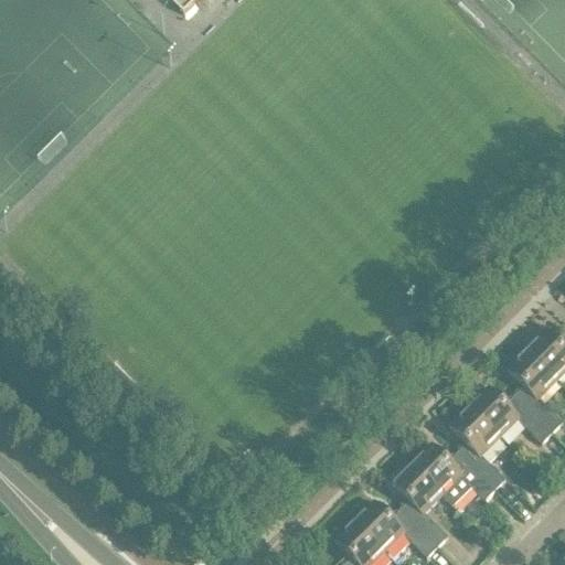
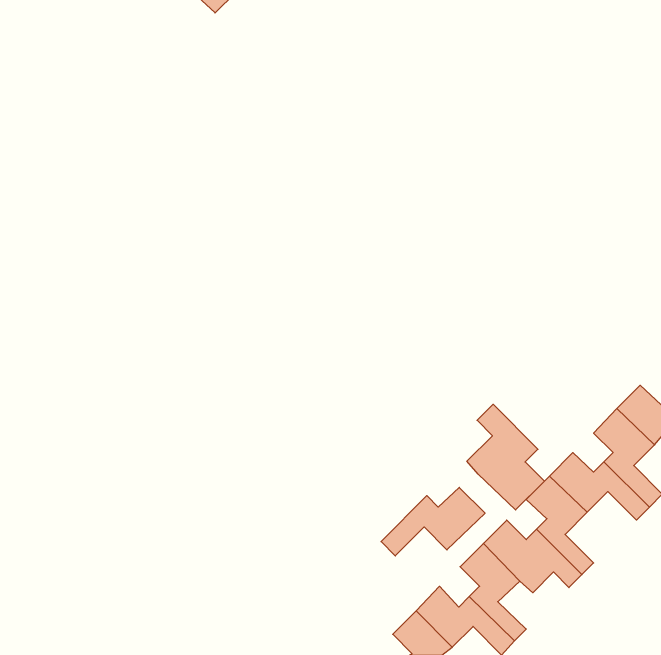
building: none -> [467,404,544,510]
building: none -> [381,487,485,556]

